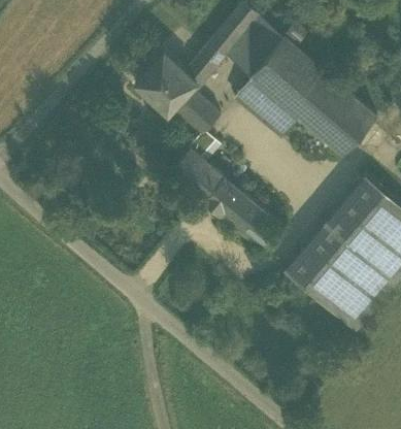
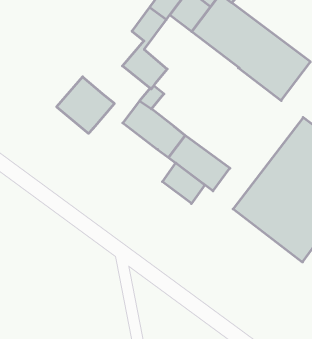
building: [134,52,197,113] -> [57,77,114,133]
building: [233,75,299,139] -> none
building: none -> [162,163,205,204]

